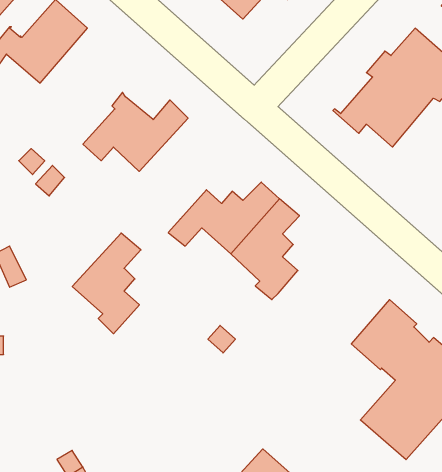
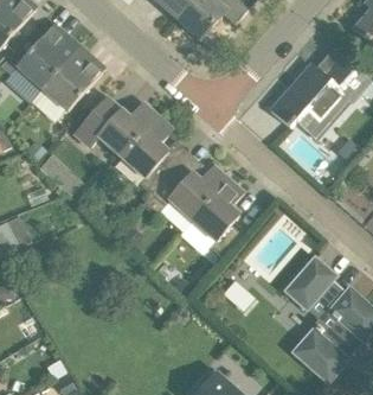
building: none -> [30,45,104,122]
building: [72,233,141,334] -> [118,115,172,193]

